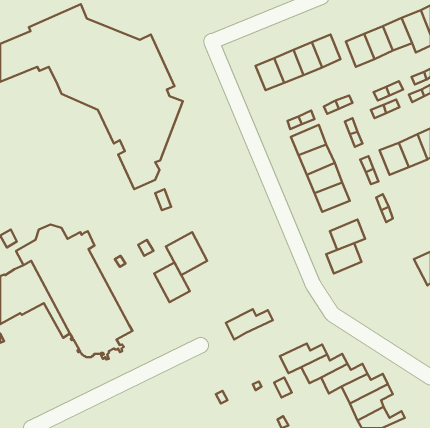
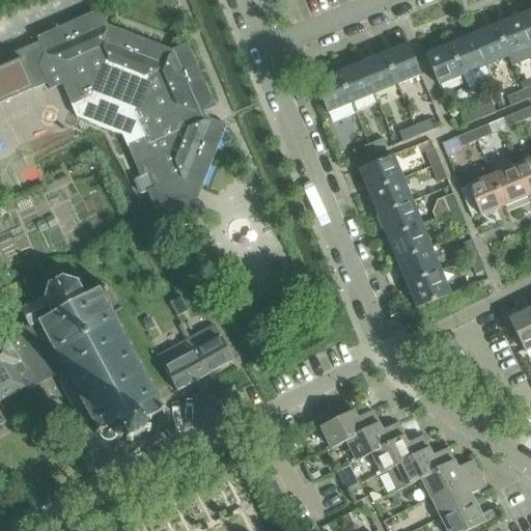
building: [166,232,207,275] -> [159,336,209,389]
building: [326,243,362,274] -> [397,247,441,284]
building: [226,309,273,340] -> [320,409,379,446]

